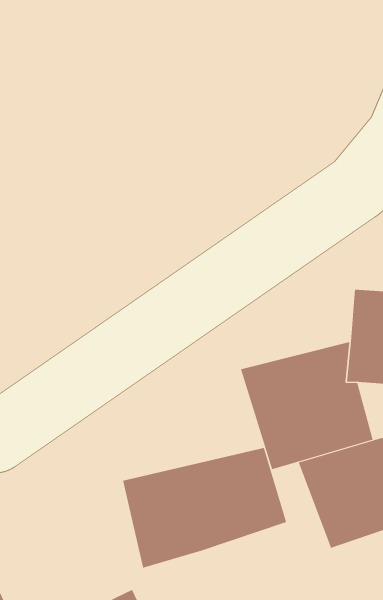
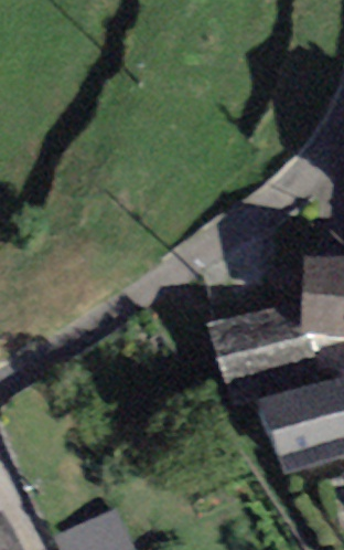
building: [123,447,287,568] -> none

